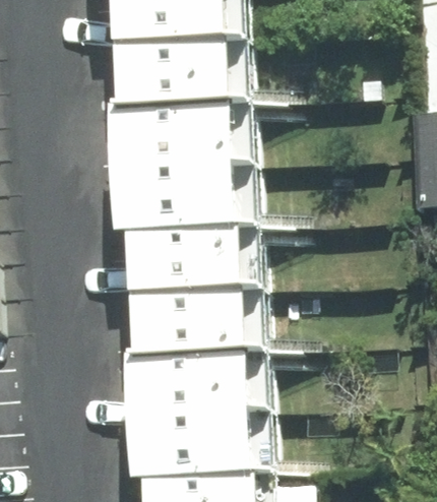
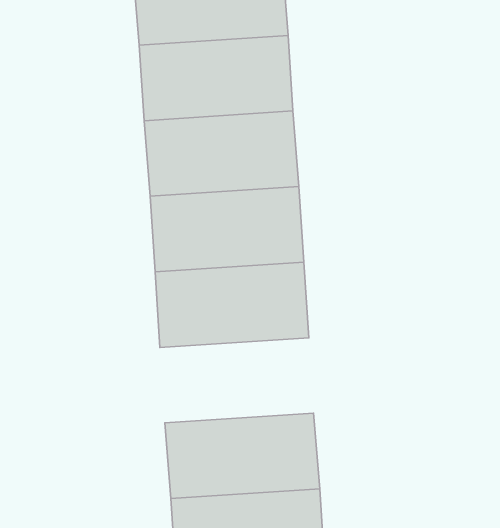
building: [134,297,262,368] -> none

